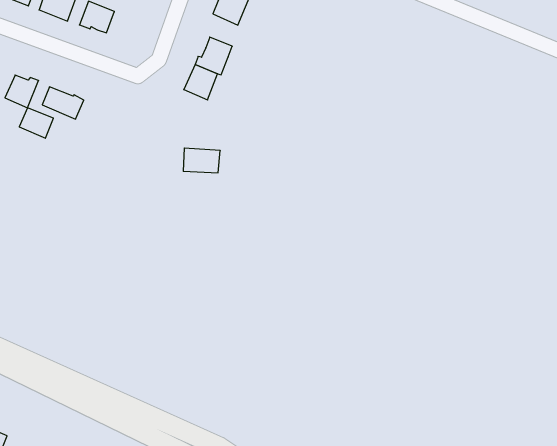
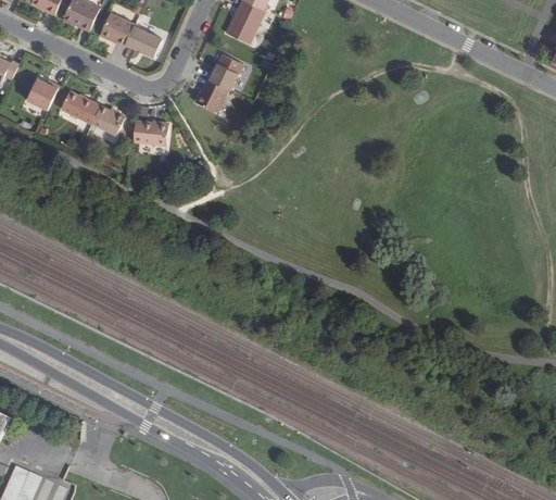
building: none -> [125,26,162,57]
building: [19,108,53,138] -> [91,105,124,135]
building: [183,148,220,173] -> [132,120,168,145]

